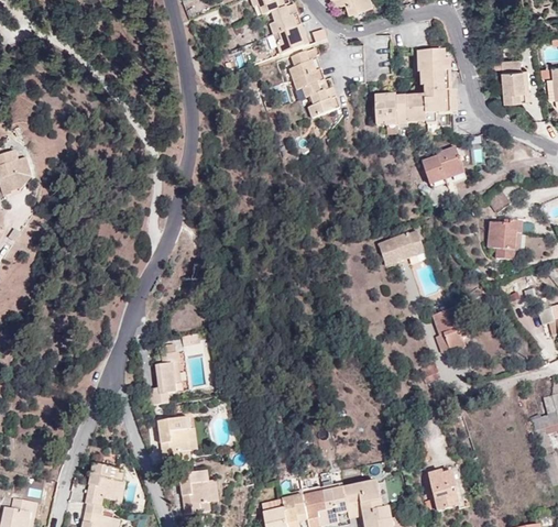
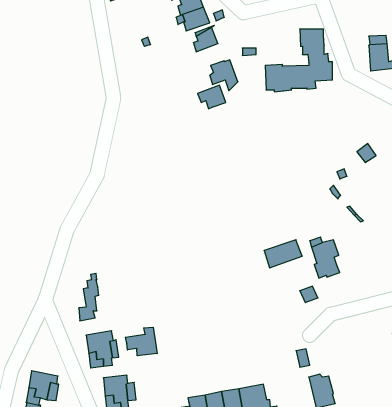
building: [292,68,326,97] -> [198,85,226,109]
building: [422,146,463,183] -> none
building: [488,220,523,259] -> none
building: [379,231,425,265] -> [264,240,302,268]
building: none -> [125,327,157,356]

